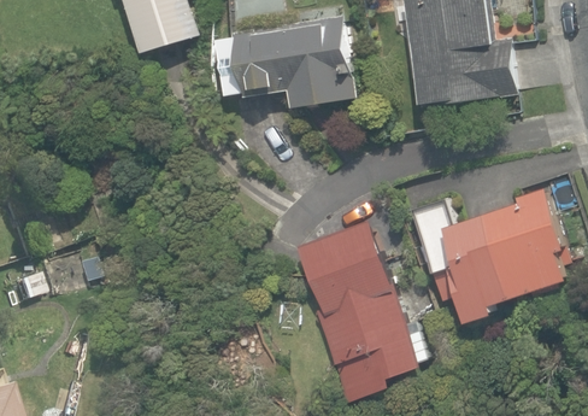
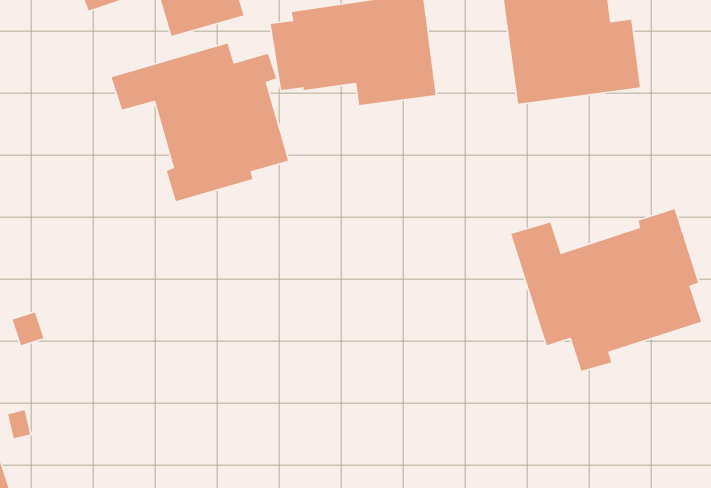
building: none -> [111,43,289,202]
building: [298,218,428,400] -> none

